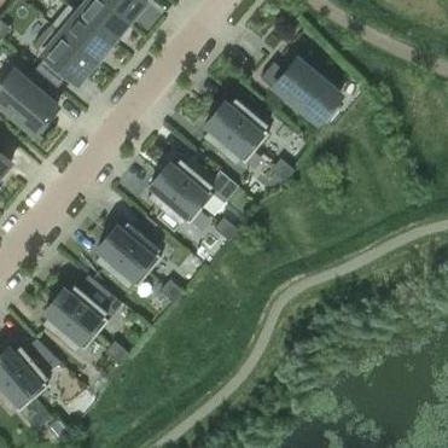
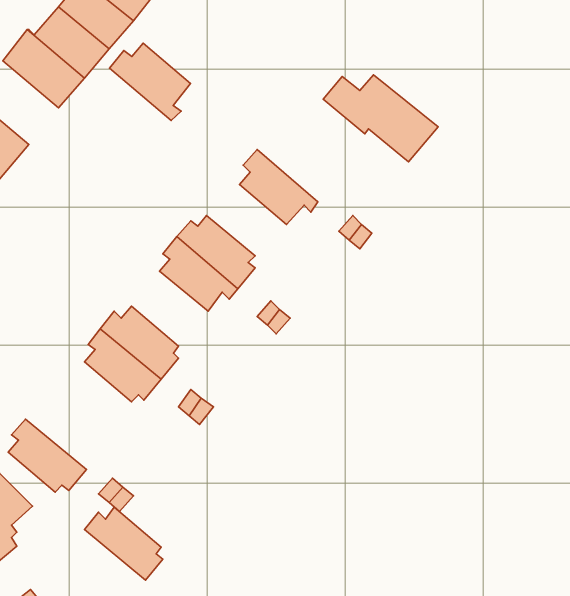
building: none -> [110,43,190,120]
building: [215,97,269,149] -> none
building: [54,284,109,334] -> [85,507,163,580]

